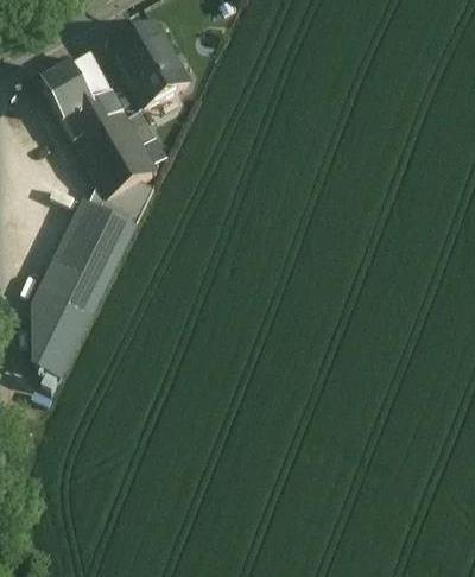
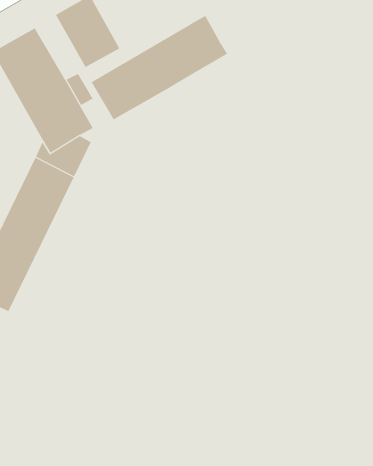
building: none -> [91,15,228,120]

